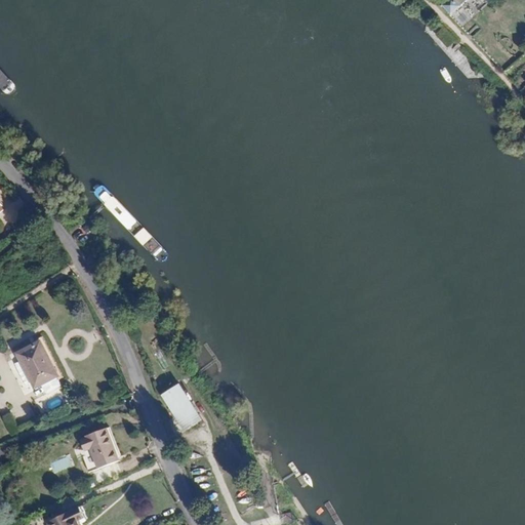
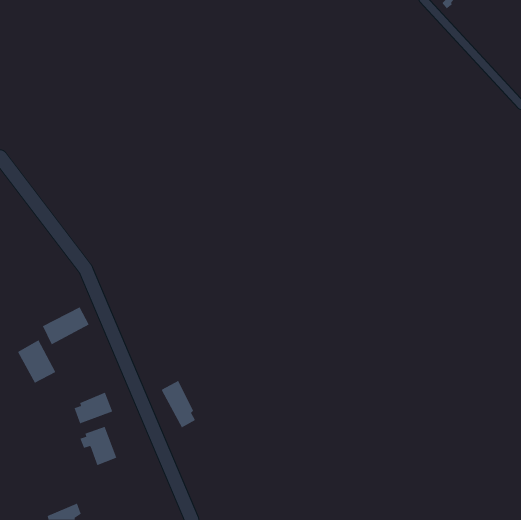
building: none -> [42,307,90,345]
building: none -> [74,392,113,424]

